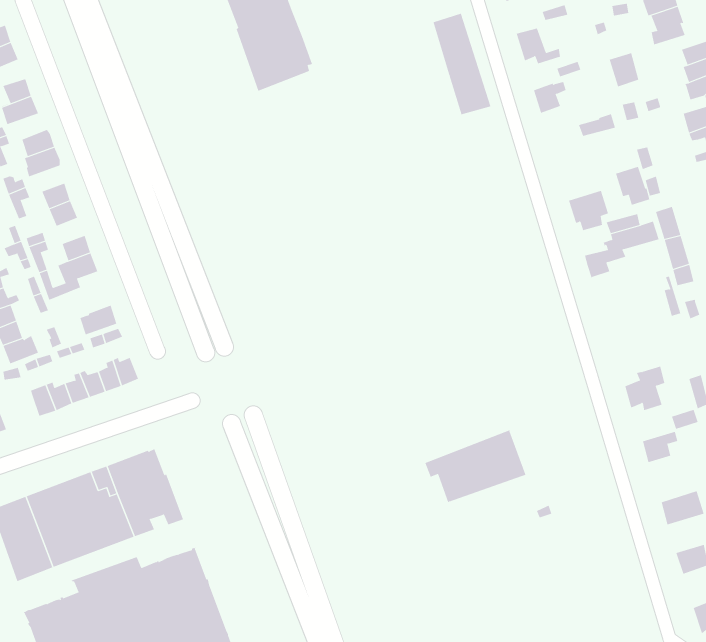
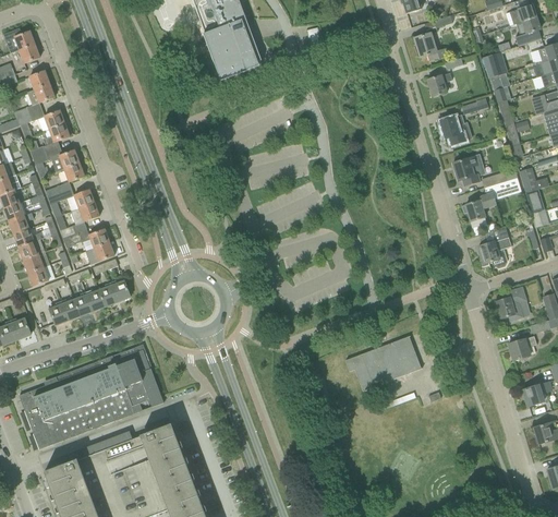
building: [433,13,491,115] -> none
building: [615,166,650,205] -> [439,116,465,145]
building: none -> [477,227,511,268]
building: none -> [62,228,109,248]

